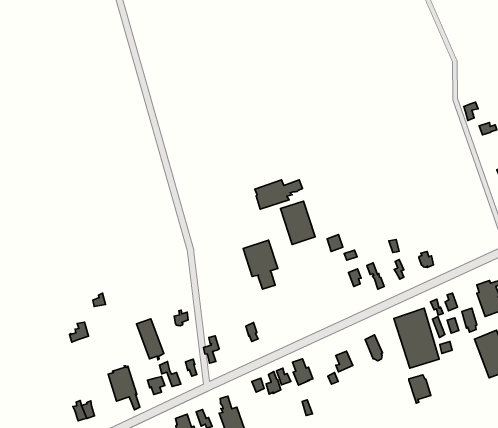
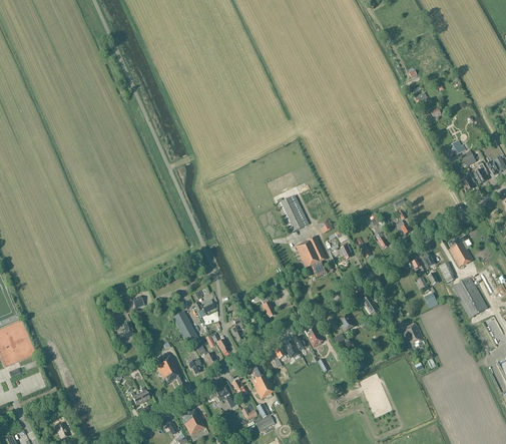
building: [255,180,302,209] -> none
building: [243,240,278,289] -> [295,237,326,278]
building: [394,308,439,368] -> none

